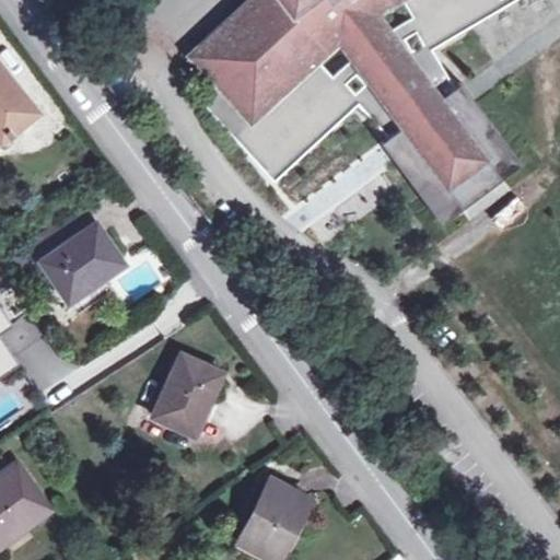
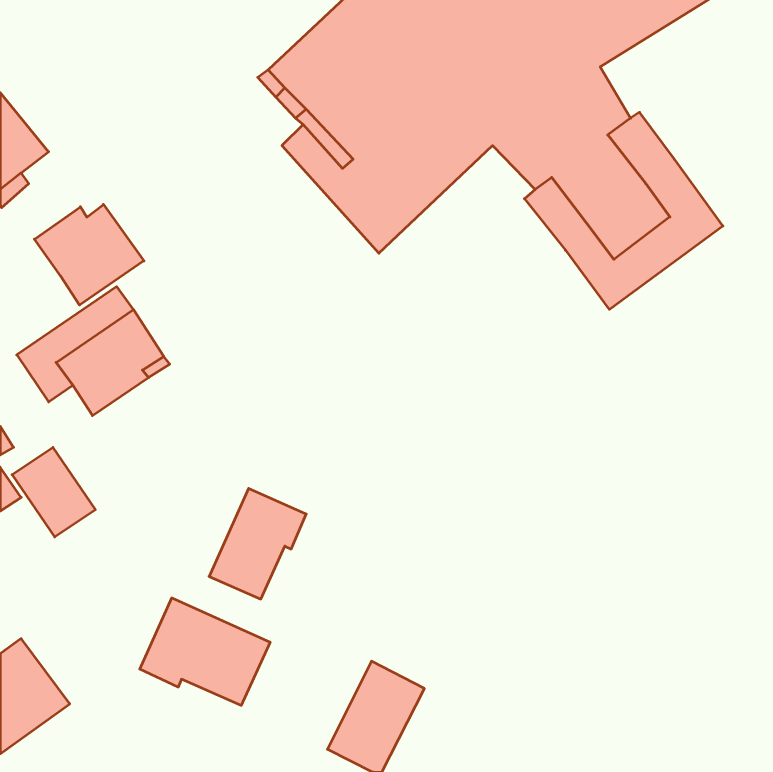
building: none -> [34,204,144,305]
building: none -> [140,598,270,705]

